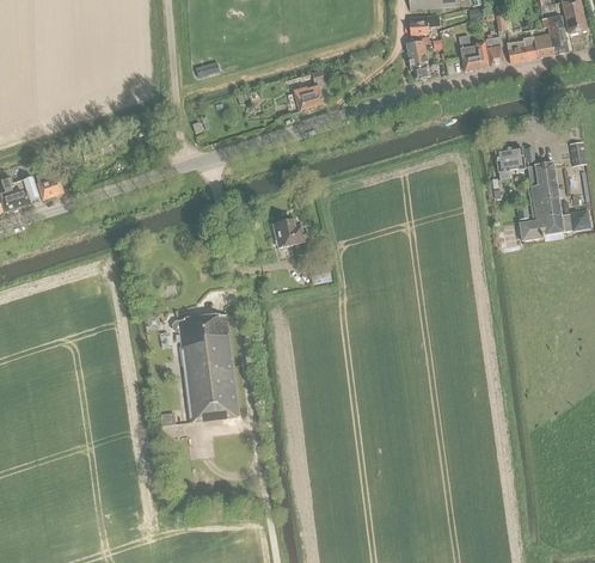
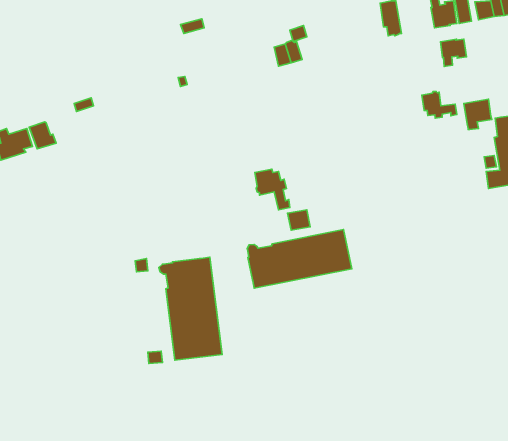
building: none -> [440,39,466,66]
building: none -> [422,91,457,118]
building: none -> [247,229,352,288]

